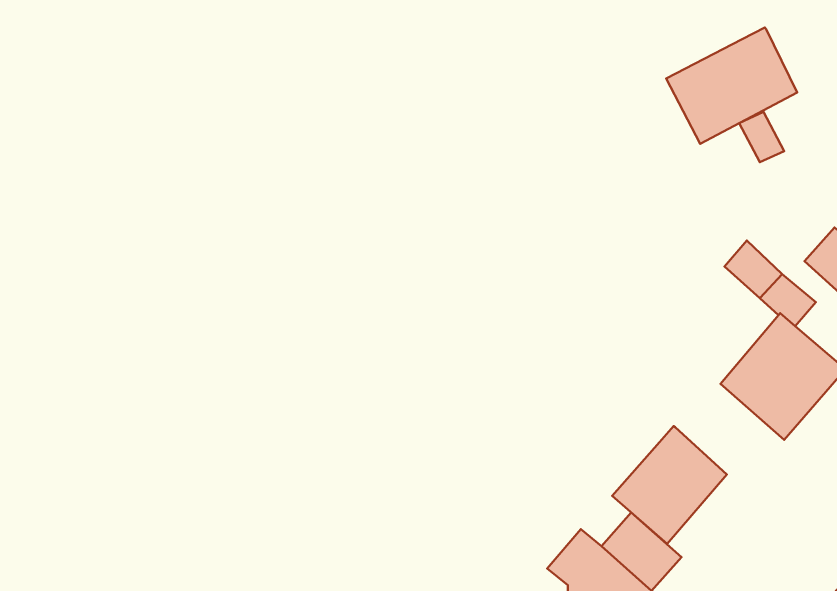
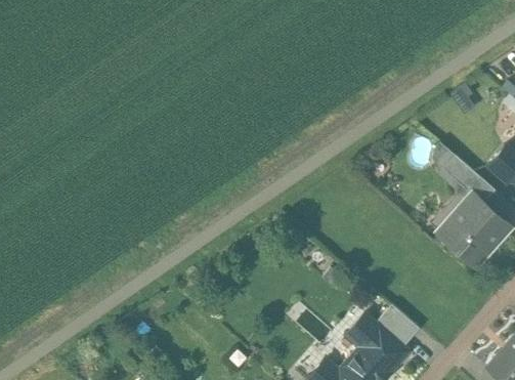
building: [666,27,797,144] -> none
building: [612,426,727,544] -> none

